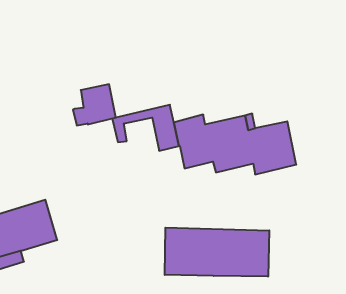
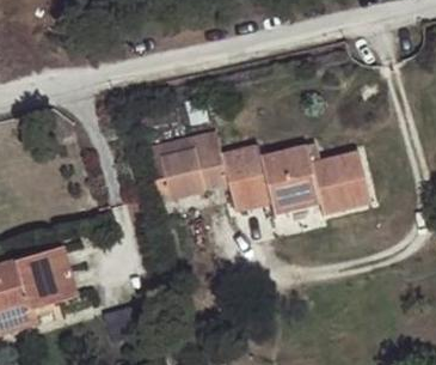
building: [73,84,116,125] -> [149,146,202,196]
building: [165,228,269,277] -> none

